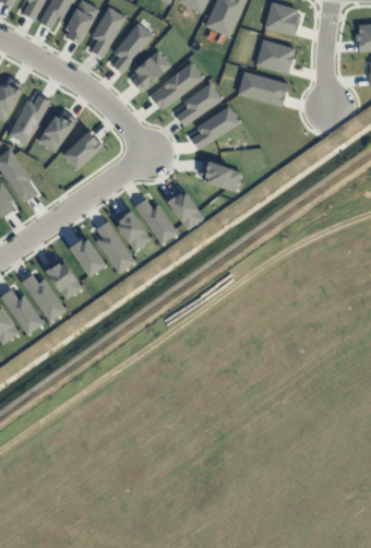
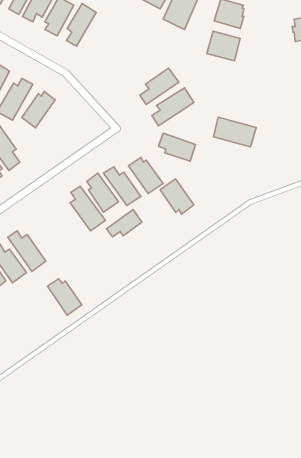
building: [111,23,154,74] -> none
building: [131,50,171,93] -> none
building: [152,62,203,109] -> none
building: [238,71,288,106] -> [213,117,256,147]
building: [63,131,105,170] -> none
building: none -> [160,179,194,214]
building: [69,238,107,277] -> none
building: none -> [107,209,142,237]
building: [43,258,83,300] -> [48,279,82,315]

